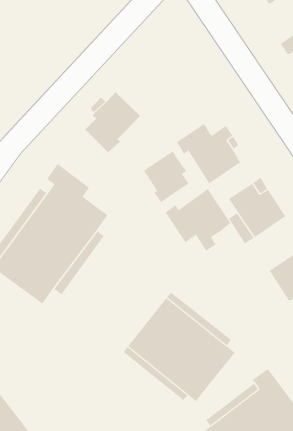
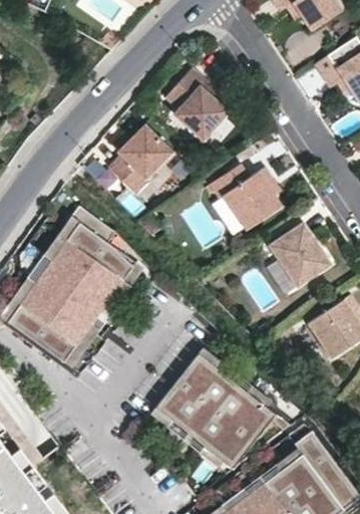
building: none -> [165,69,227,140]
building: [143,150,189,203] -> none
building: [165,188,231,252] -> none

